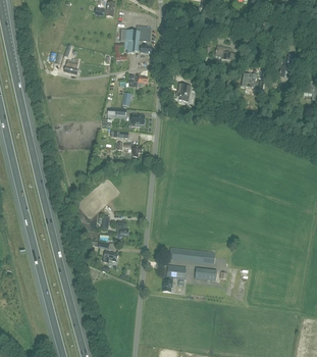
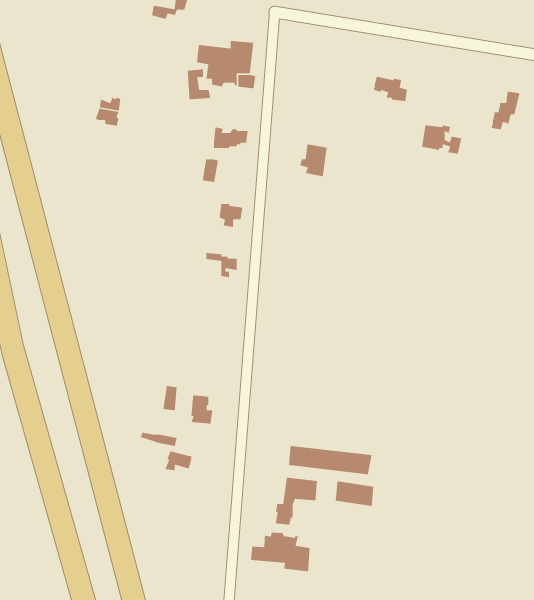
building: none -> [250,532,310,572]

